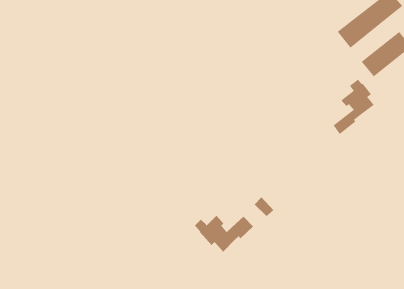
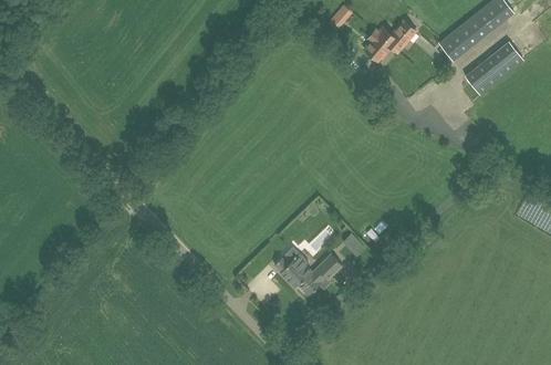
building: none -> [364,20,416,61]
building: [333,79,375,135] -> none

